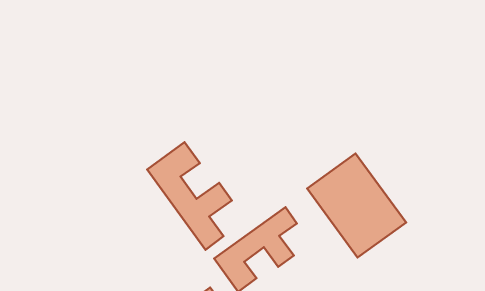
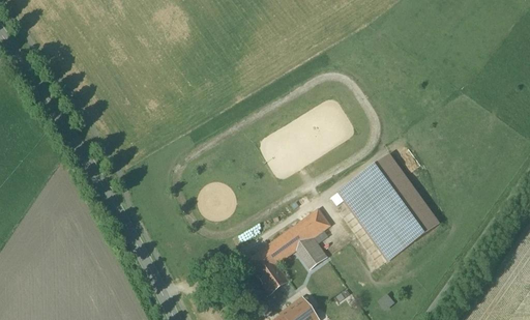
building: [147,142,232,250] -> none

